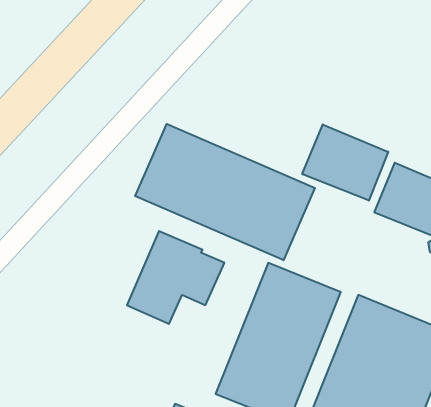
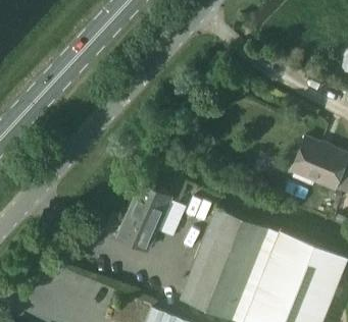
building: [135,124,315,260] -> none
building: [302,124,388,201] -> none

